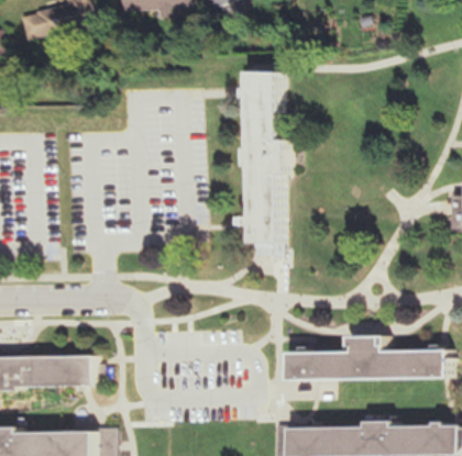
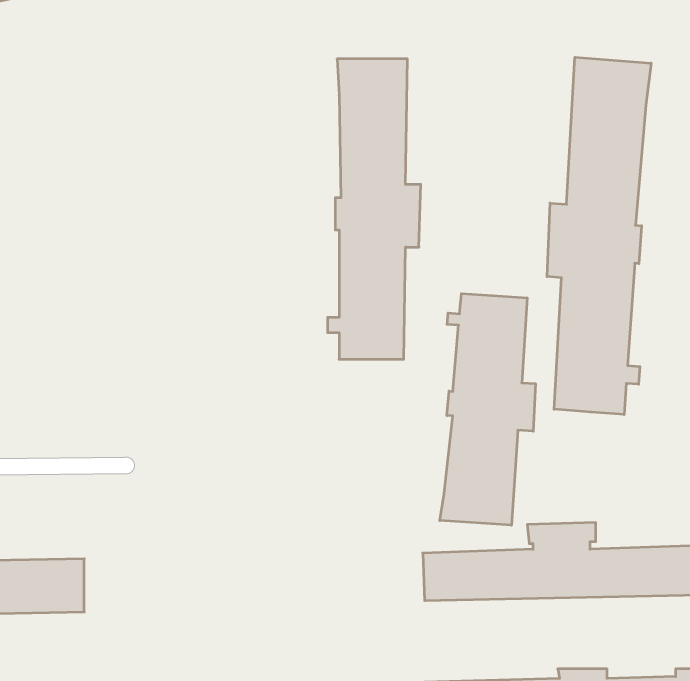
building: none -> [547,57,651,415]
building: none -> [440,294,535,525]

